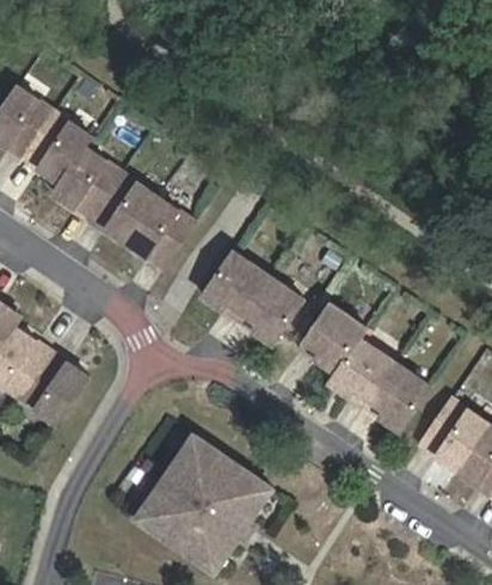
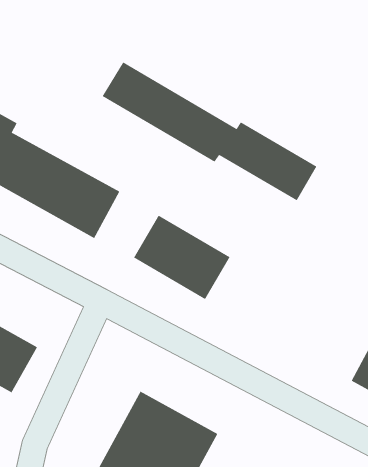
building: none -> [102,61,317,201]
building: [300,306,430,431] -> none

